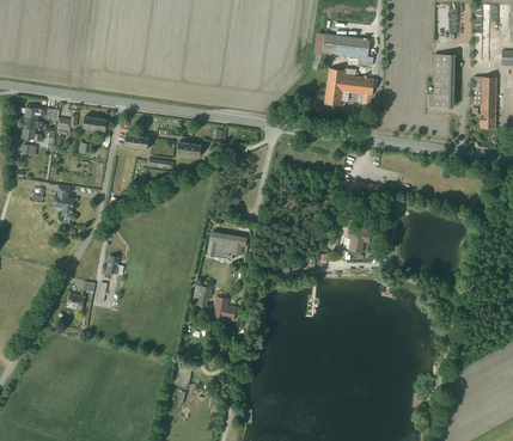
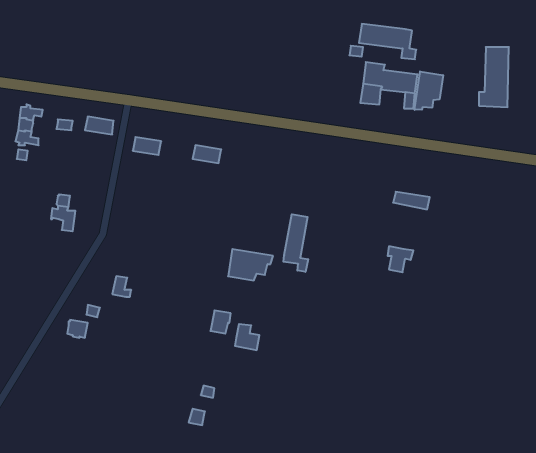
building: none -> [415,71,443,110]
building: none -> [283,214,308,272]

